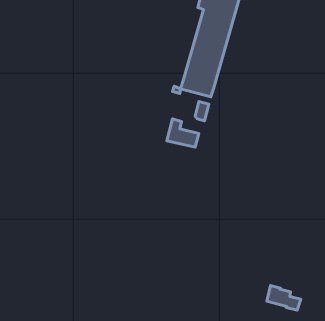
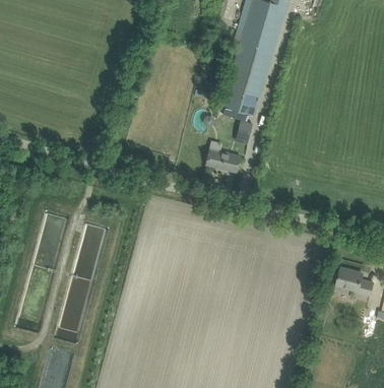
building: [267,285,301,310] -> [335,270,373,298]

